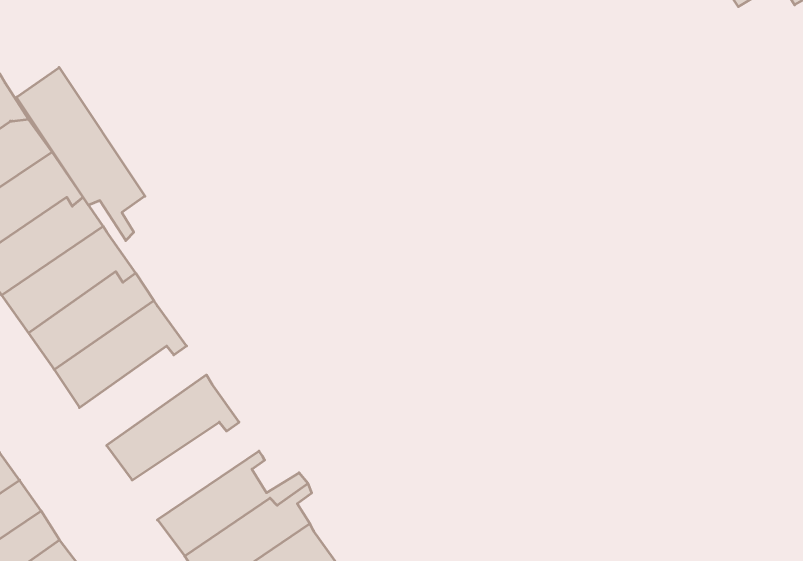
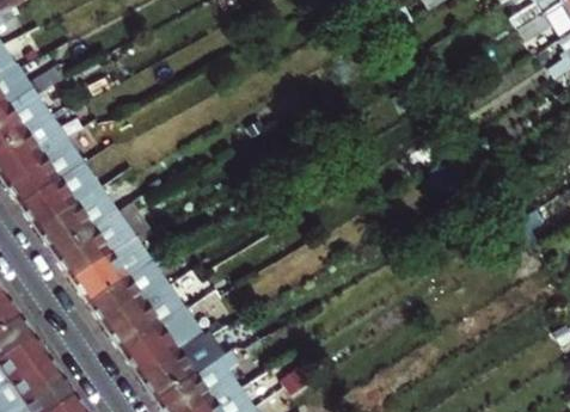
building: [17,67,145,241] -> none
building: none -> [87,268,171,333]
building: none -> [122,315,206,382]

